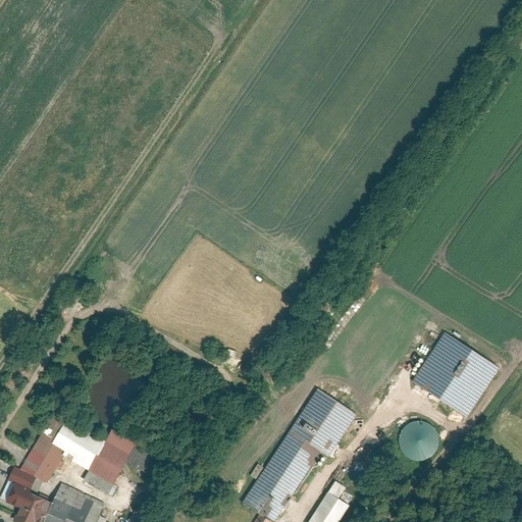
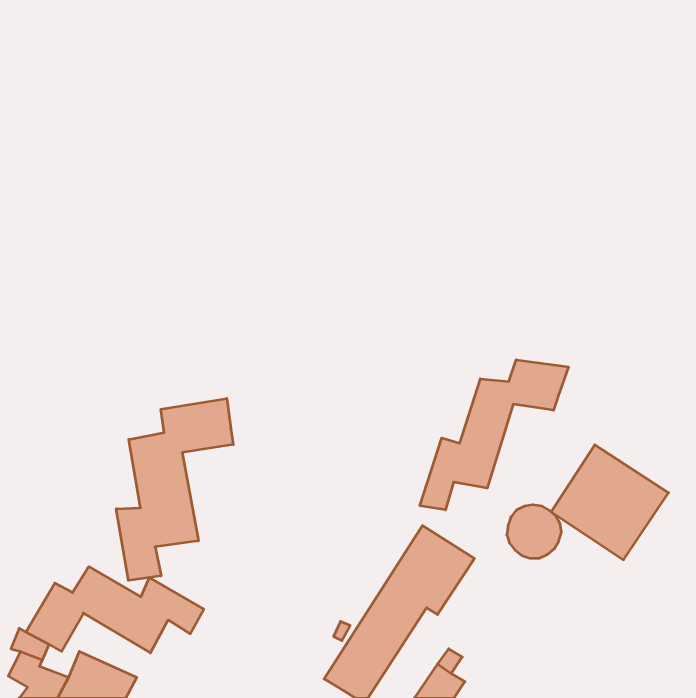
building: none -> [420,360,568,510]
building: none -> [116,398,233,580]
building: [398,420,438,460] -> [507,505,561,558]

